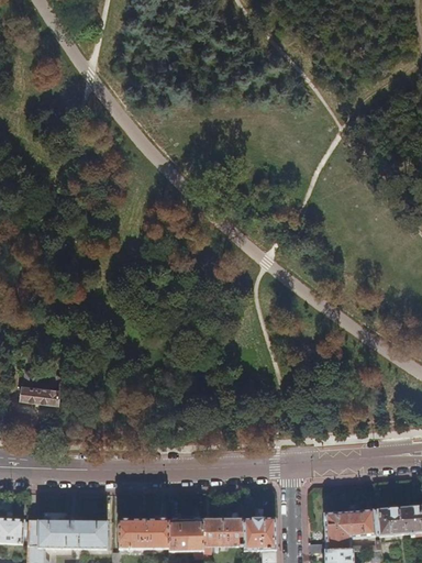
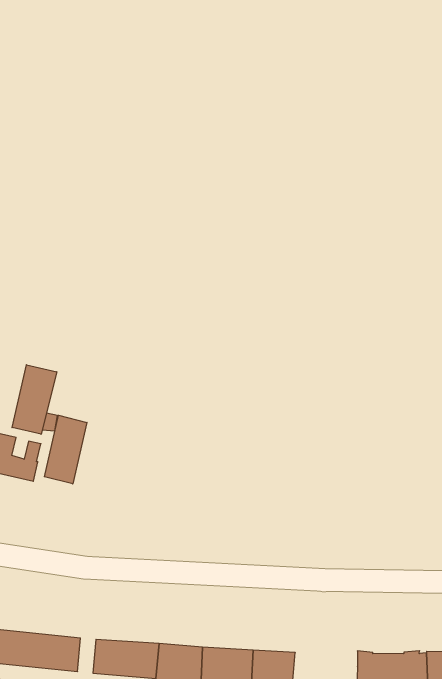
building: none -> [12,365,57,434]
building: none -> [44,415,87,484]

